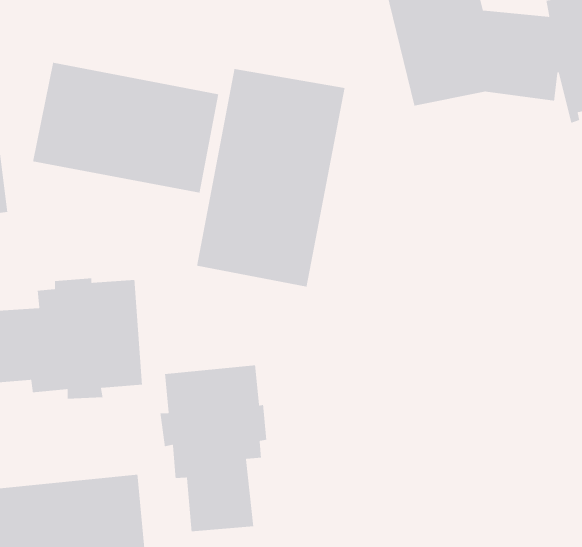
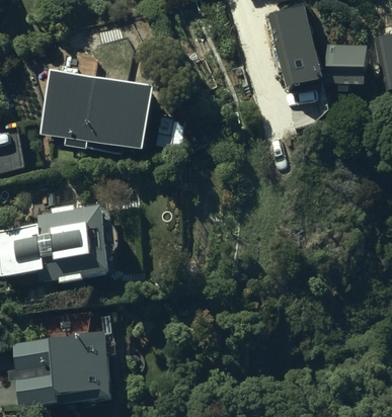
building: [196,68,346,287] -> none
building: [160,364,267,532] -> none

